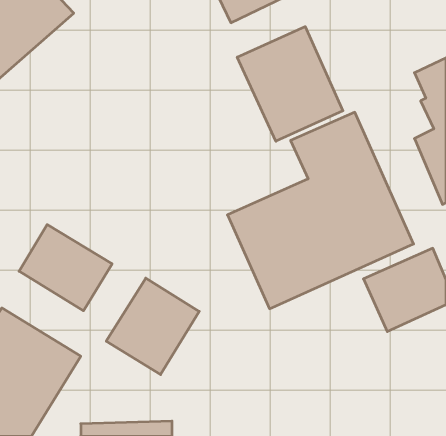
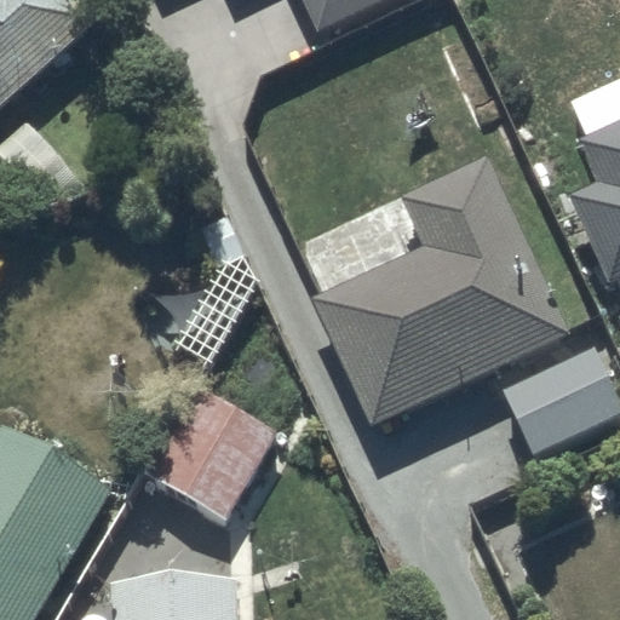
building: [237,27,343,141] -> none
building: [19,225,112,311] -> none

